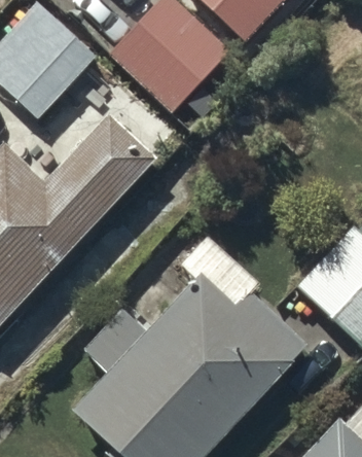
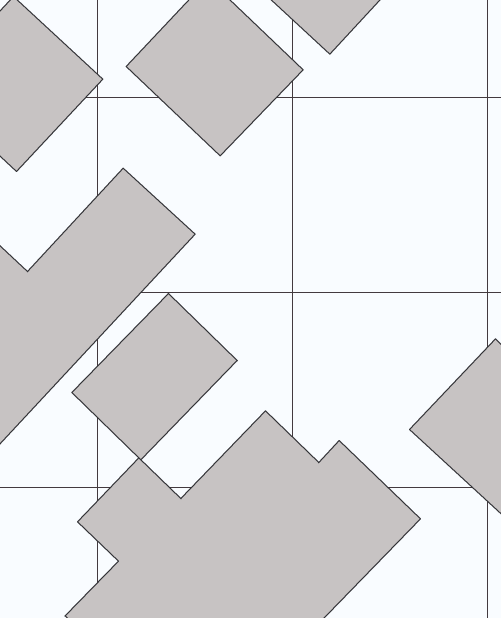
building: none -> [72,293,237,460]

